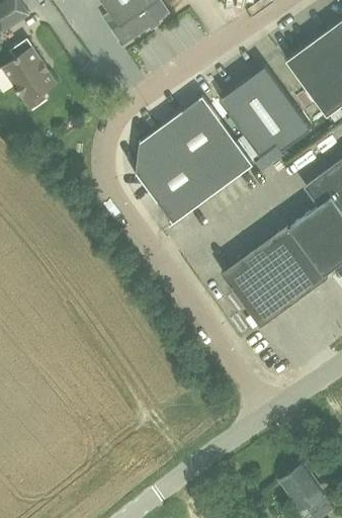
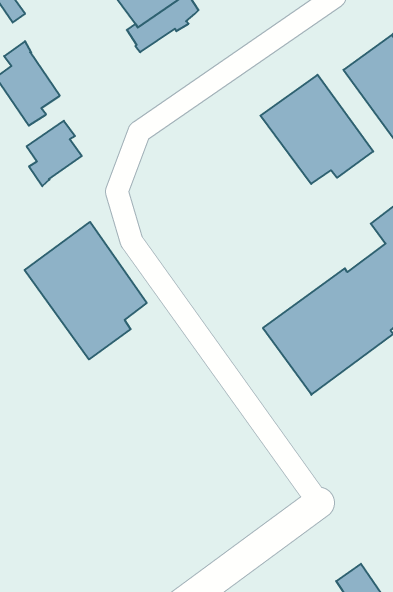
building: [136,96,253,226] -> none
building: none -> [27,121,82,186]
building: none -> [25,222,147,359]

